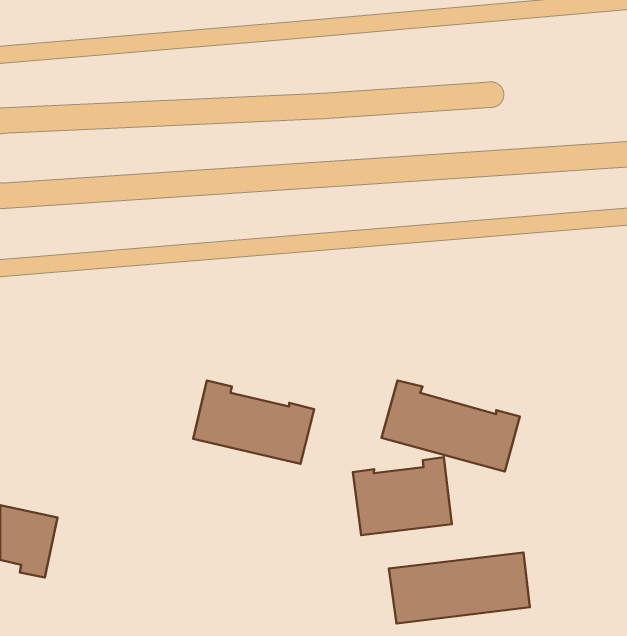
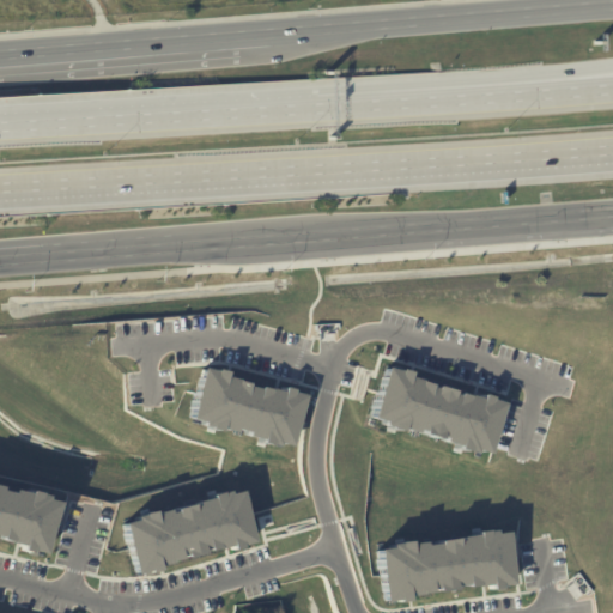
building: [353,457,452,535] -> none
building: none -> [128,490,261,575]

